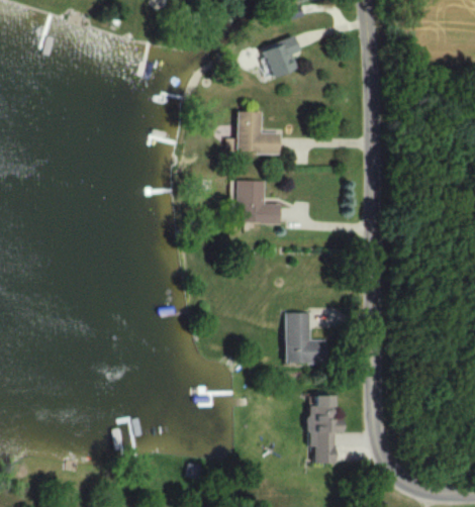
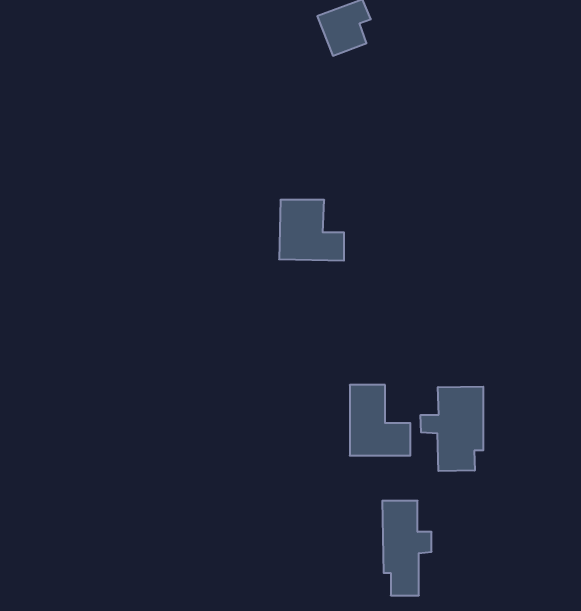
building: [236,112,280,154] -> none
building: none -> [421,387,483,471]

